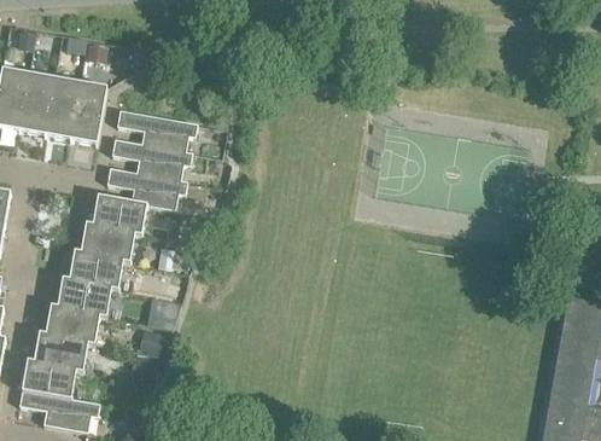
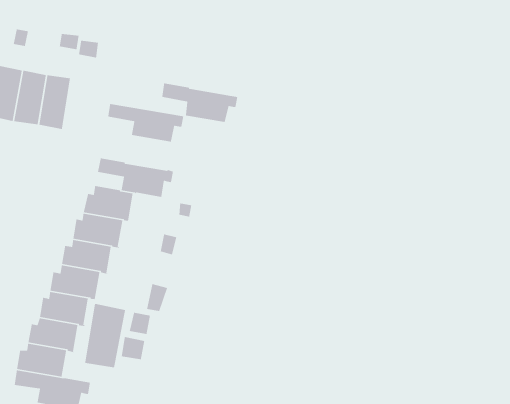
building: [70,80,107,144] -> none
building: [112,137,193,179] -> [161,83,238,123]
building: none -> [84,300,126,371]

